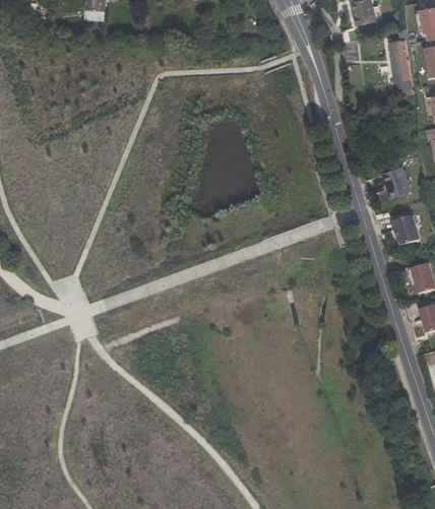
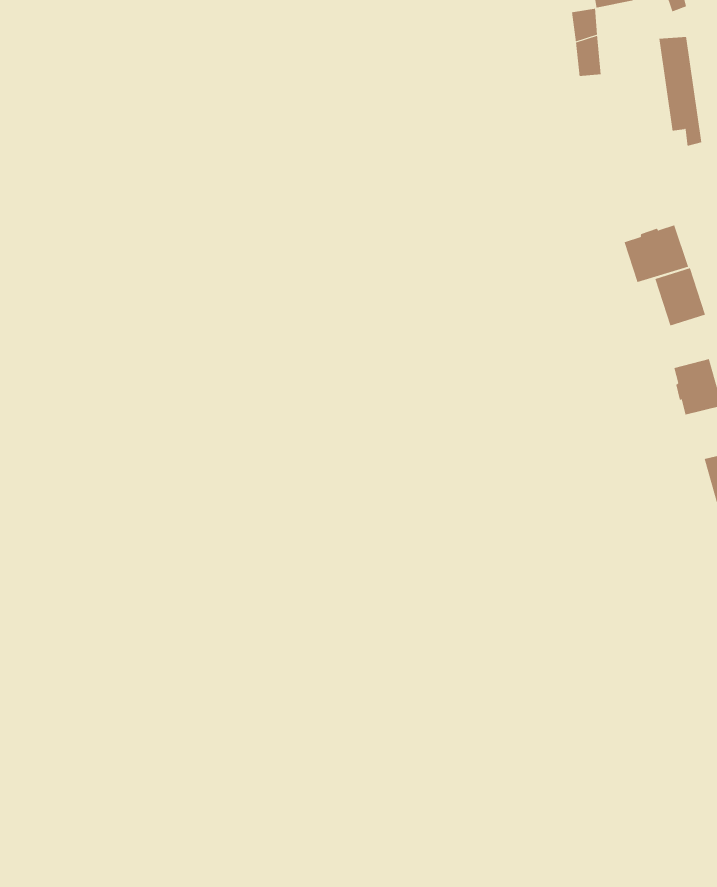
building: none -> [624,224,689,283]

